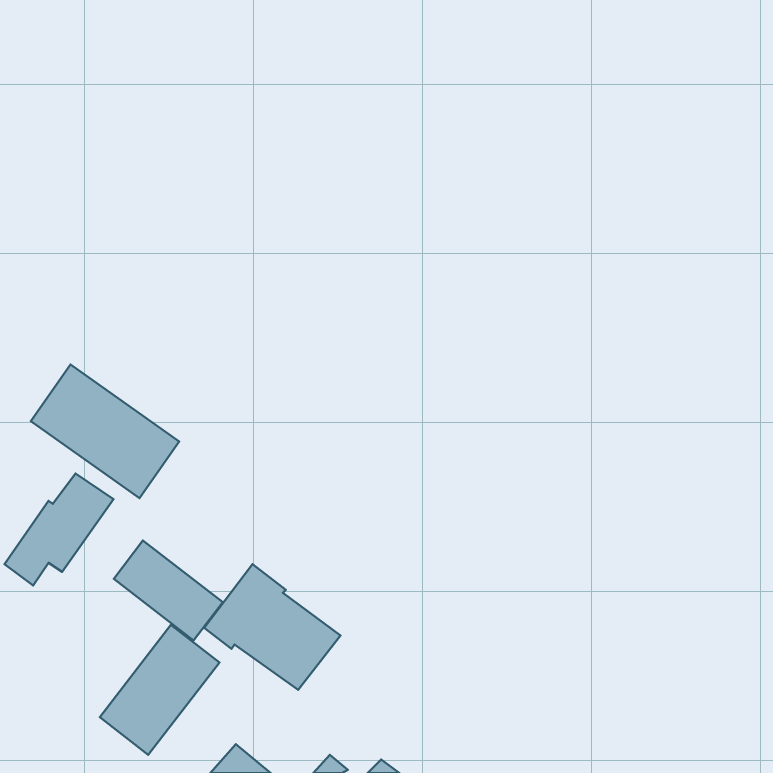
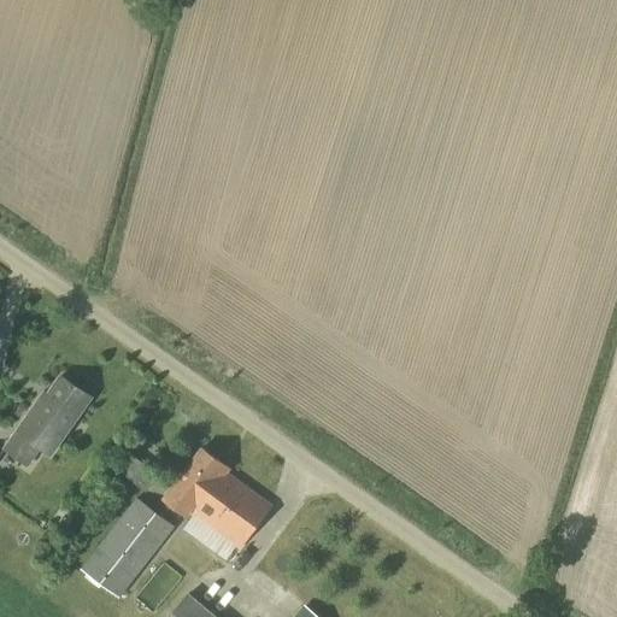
building: [31,364,179,498] -> none
building: [114,541,223,640] -> none

